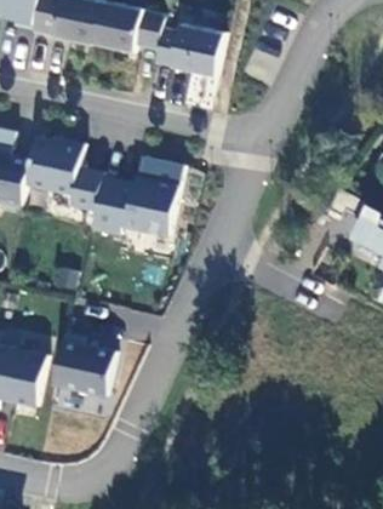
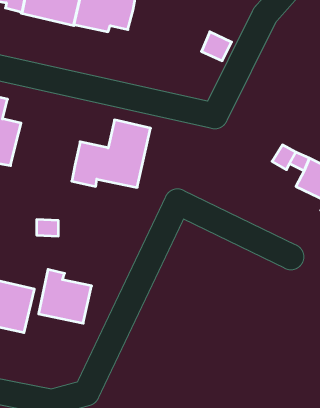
building: [153,24,224,78] -> none
building: [24,136,102,210] -> none

